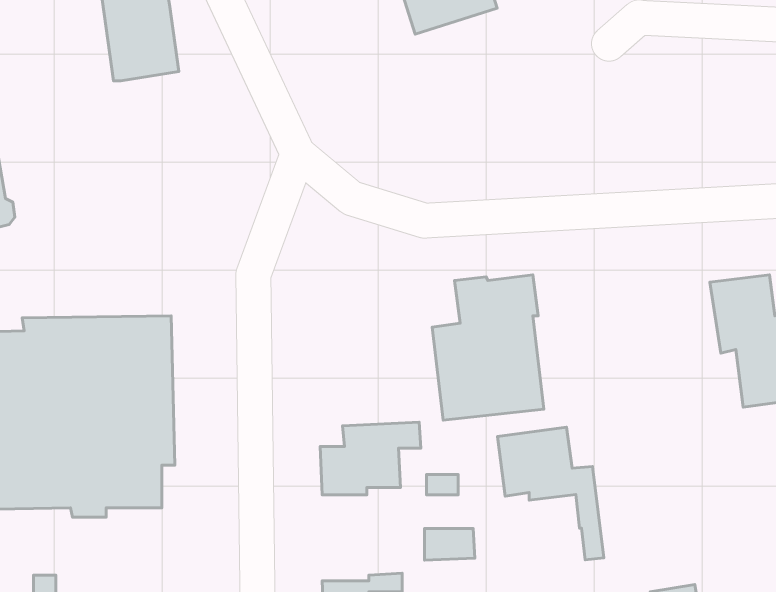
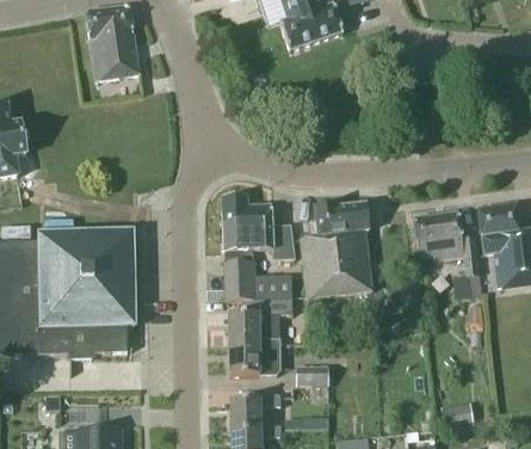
building: none -> [222,196,294,301]
building: [498,427,604,560] -> [413,211,481,296]
building: none -> [229,339,279,375]

